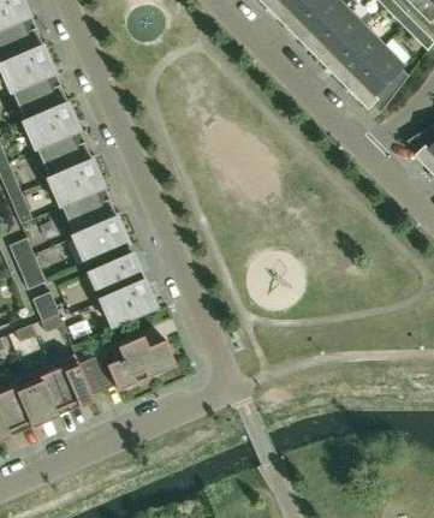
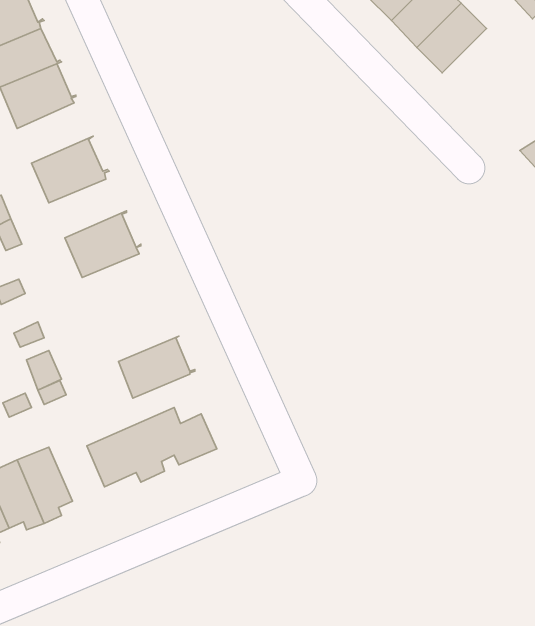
building: [347,48,408,114] -> none
building: [25,105,83,150] -> none
building: [49,162,108,207] -> none
building: [75,219,132,264] -> none
building: [90,255,148,300] -> none
building: [49,355,95,407] -> none

